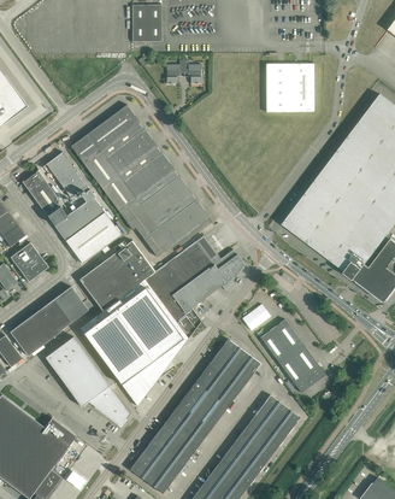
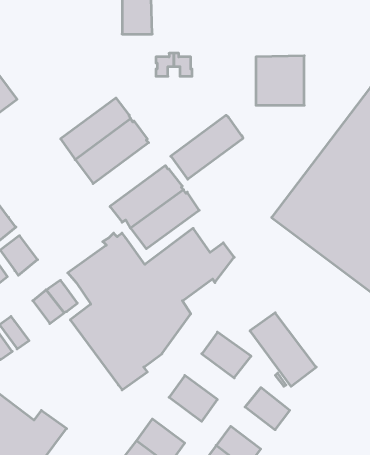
building: [104,149,176,213] -> [171,115,243,179]
building: [46,152,87,196] -> none
building: [23,170,122,263] -> none
building: [22,307,61,347] -> none
building: [46,336,130,425] -> none
building: [195,360,244,406] -> none
building: [163,404,212,450] -> none
building: [241,413,285,456] -> none

